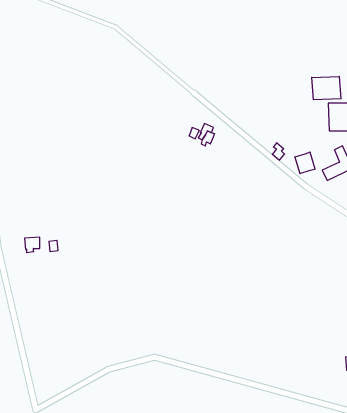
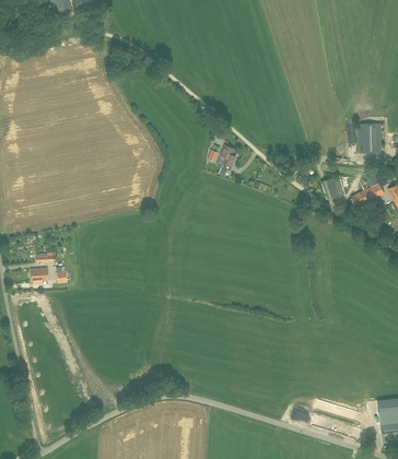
building: [312,76,341,100] -> none

